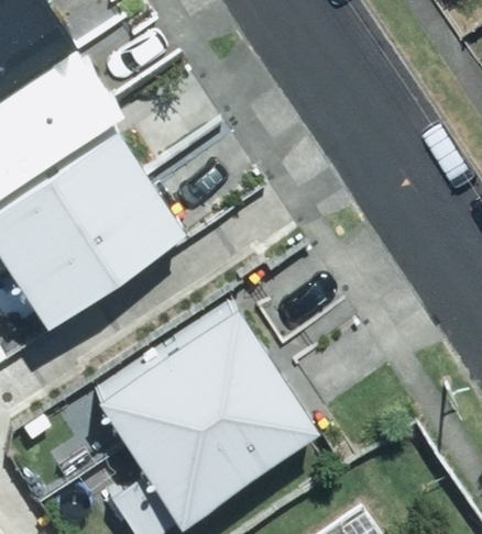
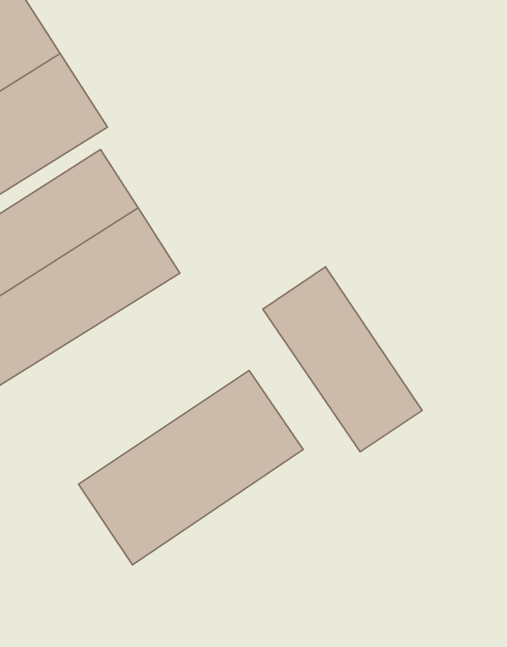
building: none -> [263,267,422,452]
building: [138,361,309,507] -> none

